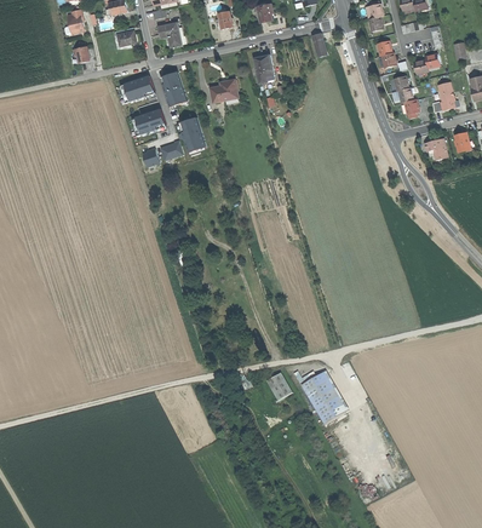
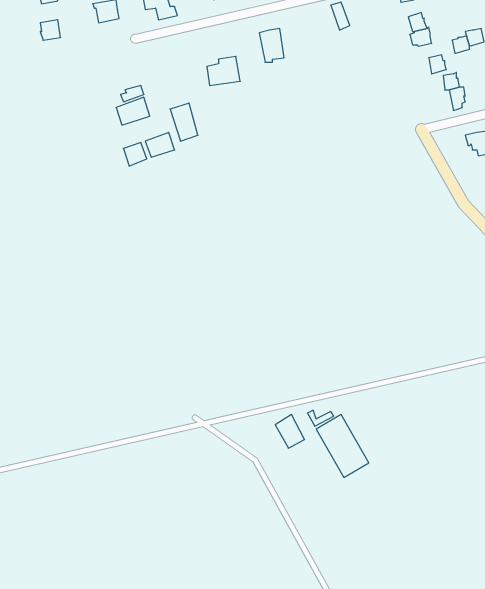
building: [157,68,185,104] -> none
building: [117,74,153,101] -> none

